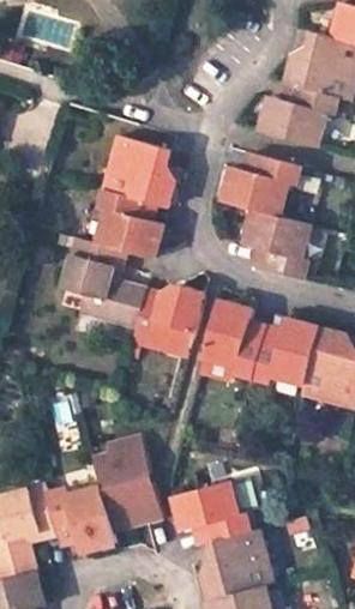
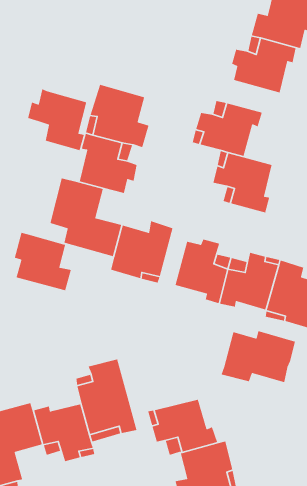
building: none -> [27,88,87,151]
building: none -> [14,232,72,291]
building: none -> [221,330,296,383]

